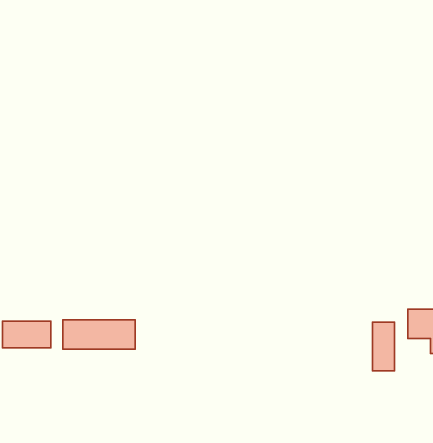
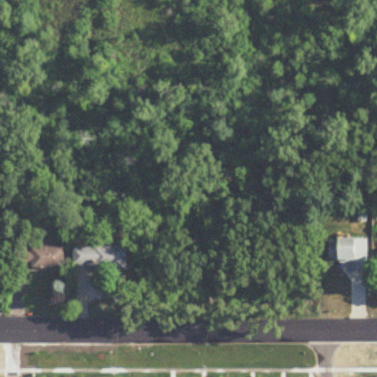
building: [373,322,394,371] -> none

